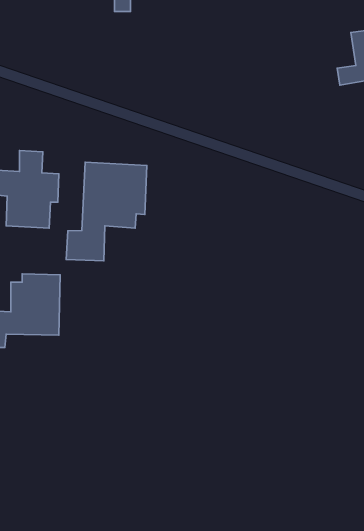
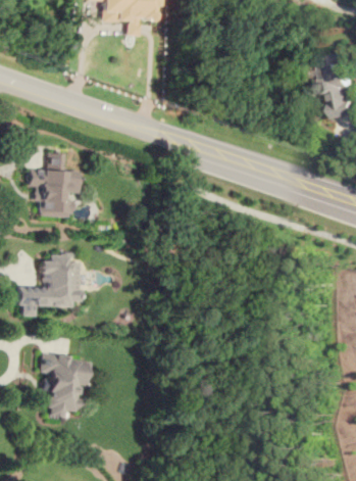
building: [66,162,147,261] -> none
building: none -> [40,353,93,419]

